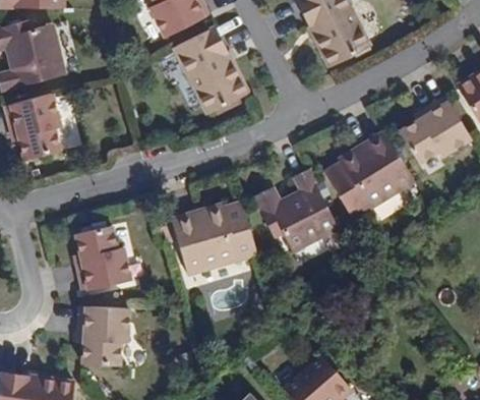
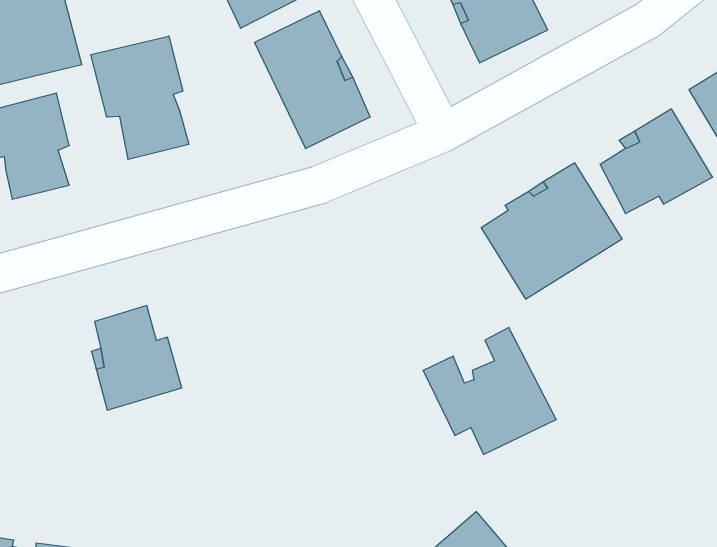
building: none -> [91,36,189,160]
building: [255,168,341,249] -> [423,328,556,454]
building: [172,203,258,275] -> none
building: [77,303,128,364] -> none

